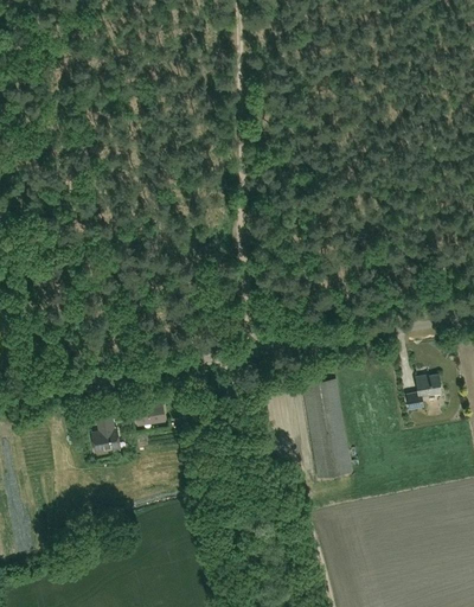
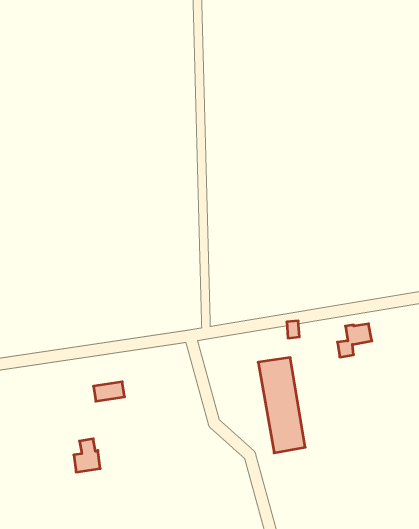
building: [406,375,442,409] -> [337,324,372,357]
building: [91,416,118,451] -> [74,439,100,472]

